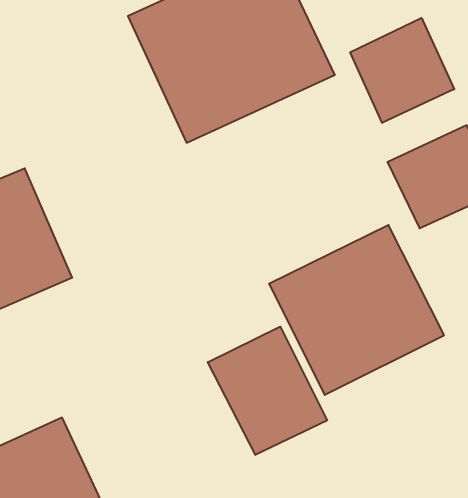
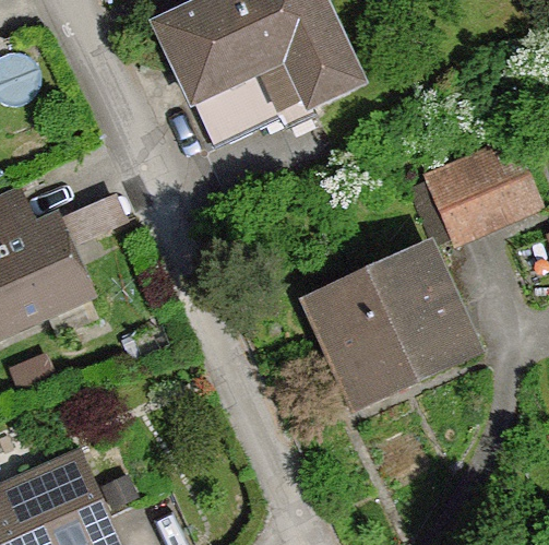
building: [350,18,454,123] -> none
building: [208,327,327,455] -> none

